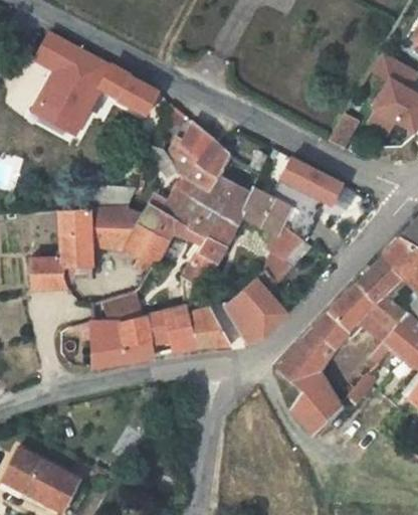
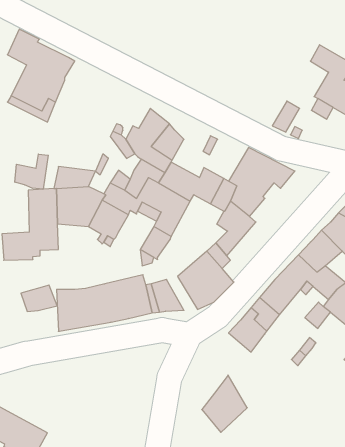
building: [98,64,158,115] -> none
building: none -> [15,154,48,189]
building: [102,292,143,321] -> [21,285,57,311]
building: [290,370,341,434] -> [202,375,247,432]

